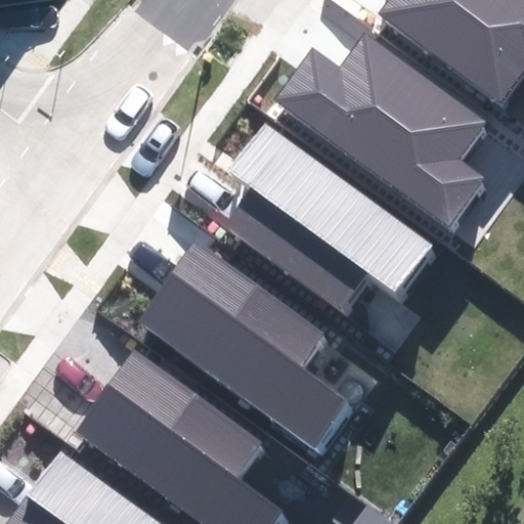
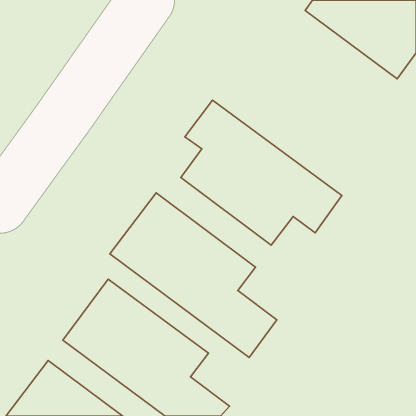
building: [279,33,485,223] -> none

